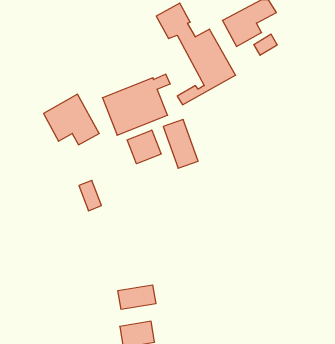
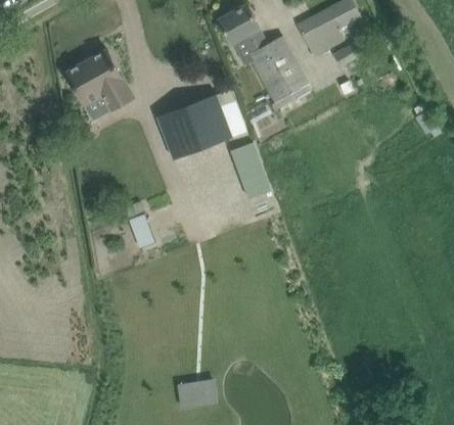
building: [44,94,99,145] -> [66,51,132,110]
building: [127,130,161,164] -> none
building: [118,285,156,309] -> none

